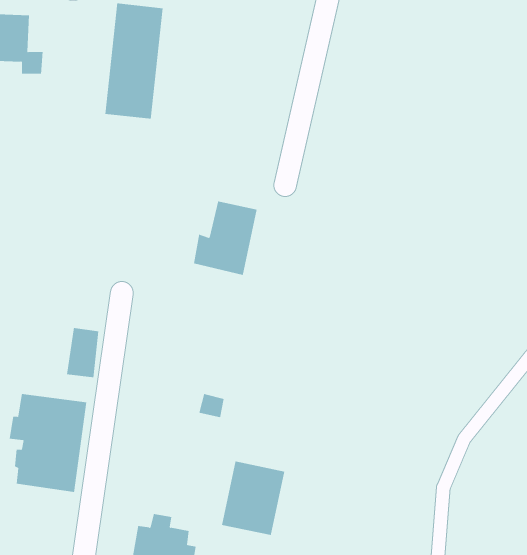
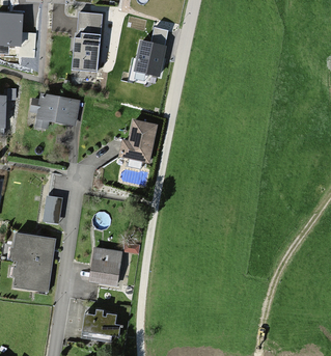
building: none -> [134,28,171,78]
building: none -> [31,84,81,124]
building: [221,461,285,536] -> [86,247,125,292]

